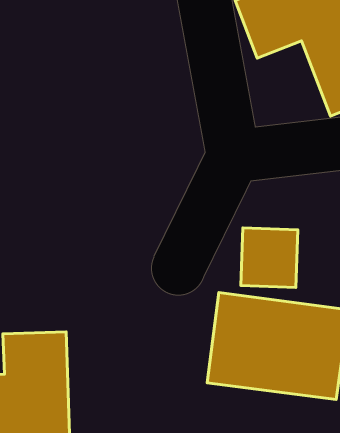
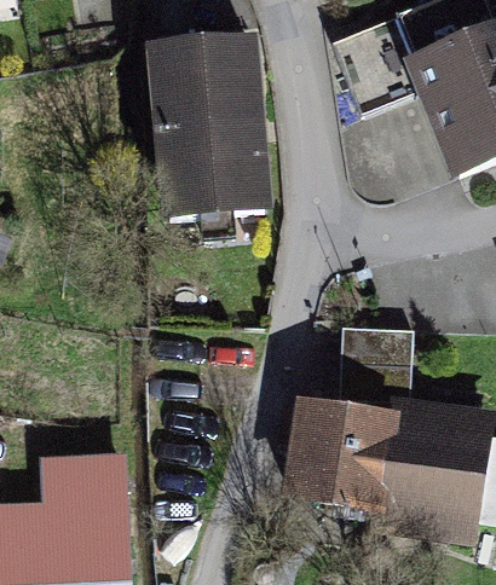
building: none -> [150,39,267,218]

